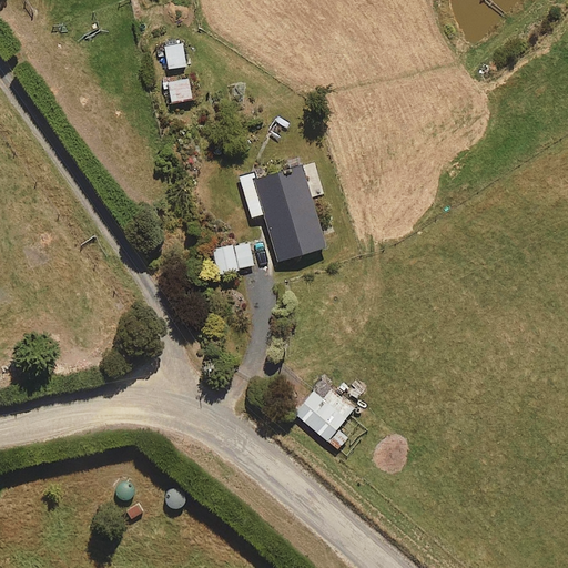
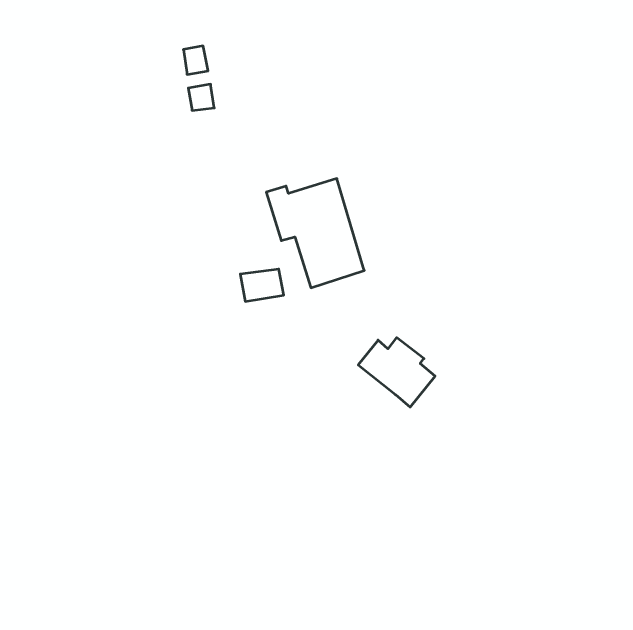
building: [295,389,364,452] -> [358,338,435,407]

